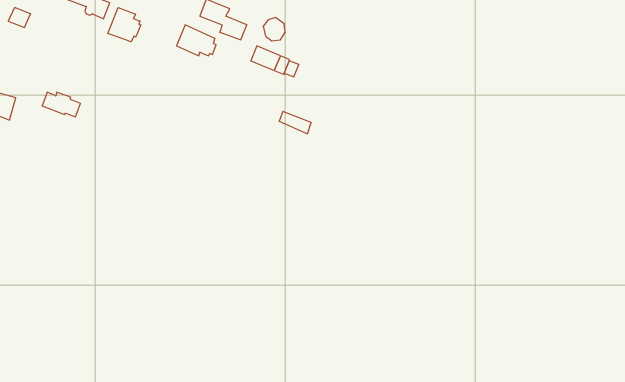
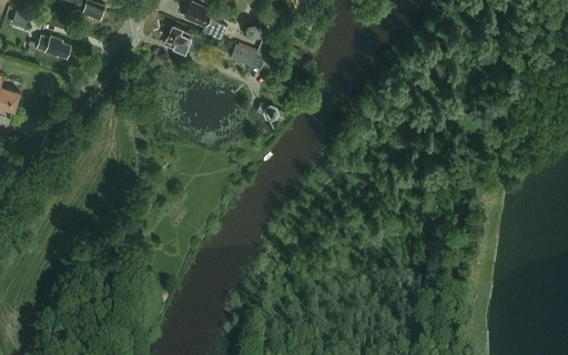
building: [108,8,141,42] -> none
building: [42,92,80,117] -> [36,34,70,57]

